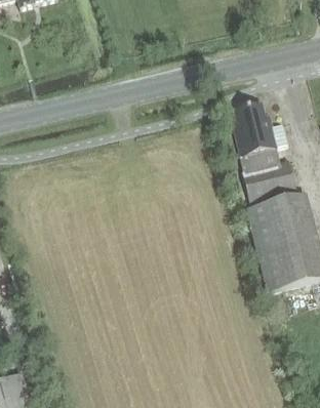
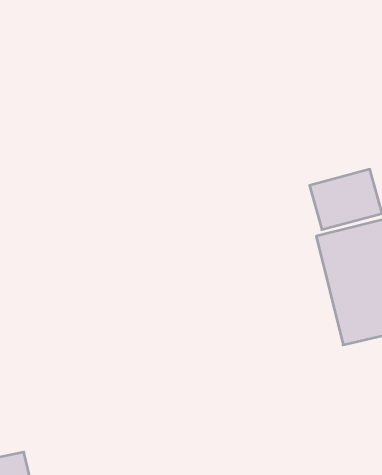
building: [232,105,286,165] -> none

